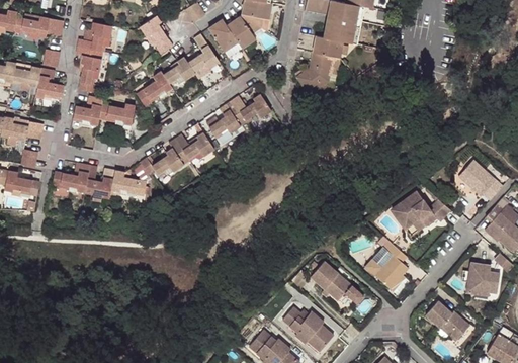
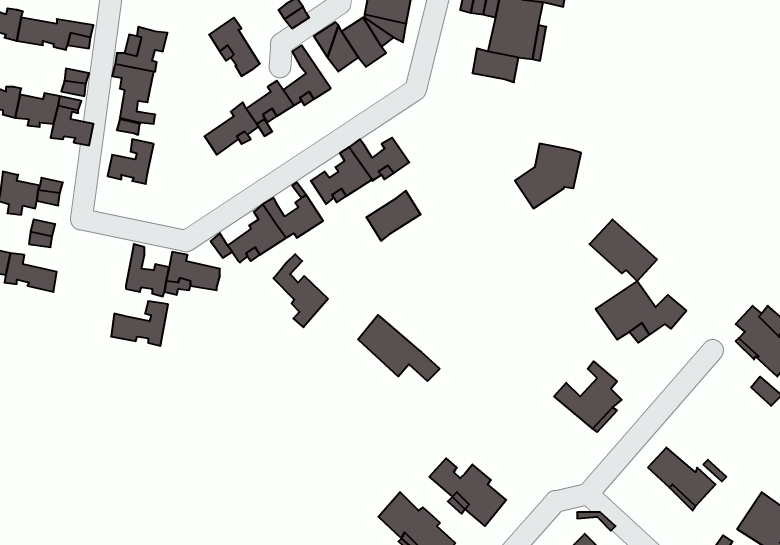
building: [295,53,339,95] -> [515,144,581,208]
building: [98,104,134,124] -> none
building: none -> [366,191,421,241]
building: [458,160,503,200] -> [589,219,657,281]
building: [52,163,89,192] -> [111,301,168,346]
building: none -> [273,254,328,327]
building: [312,259,365,302] -> [358,315,440,381]
building: [466,261,500,293] -> none

